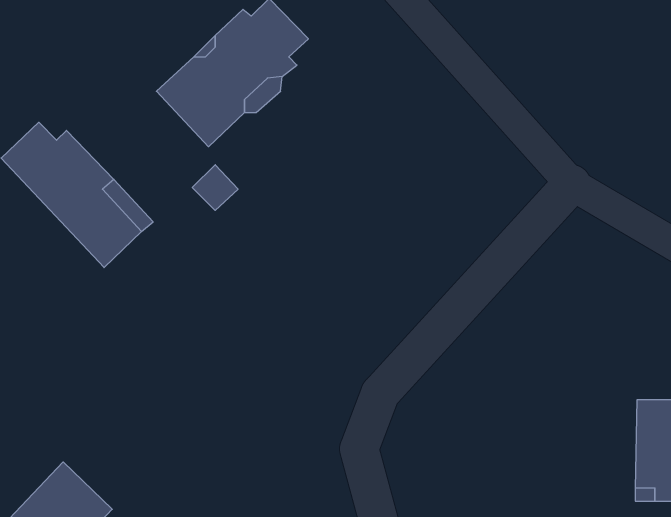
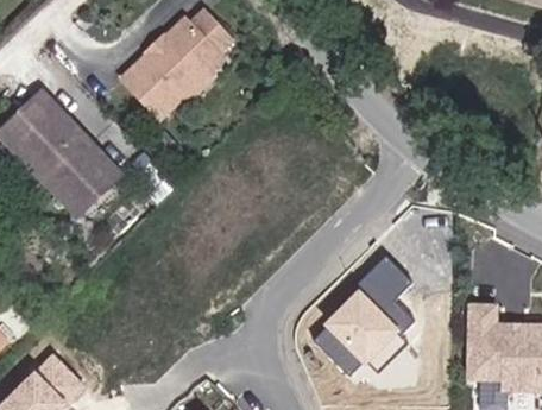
building: none -> [309,253,416,374]

